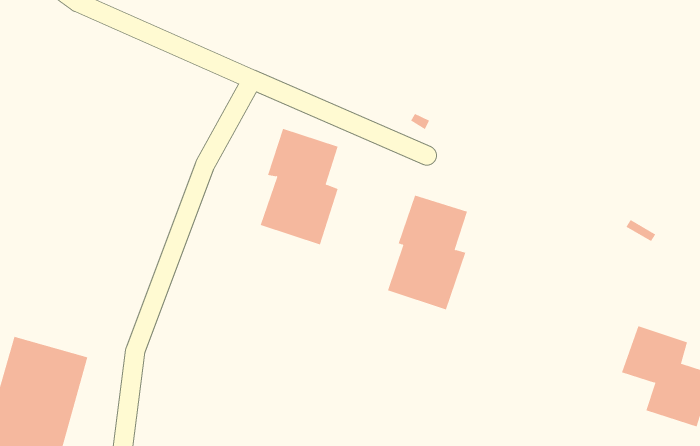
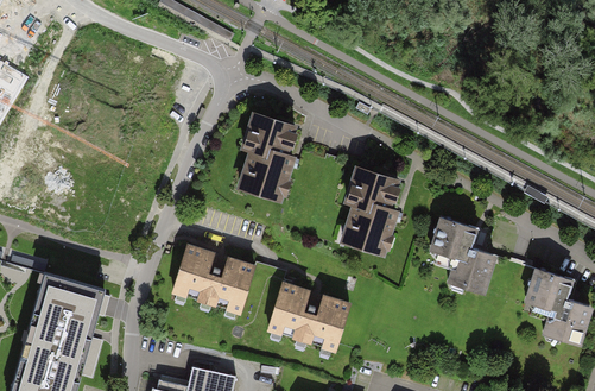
building: none -> [426,217,499,295]
building: none -> [173,246,255,313]
building: none -> [268,283,350,351]

